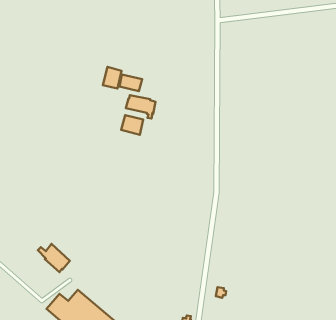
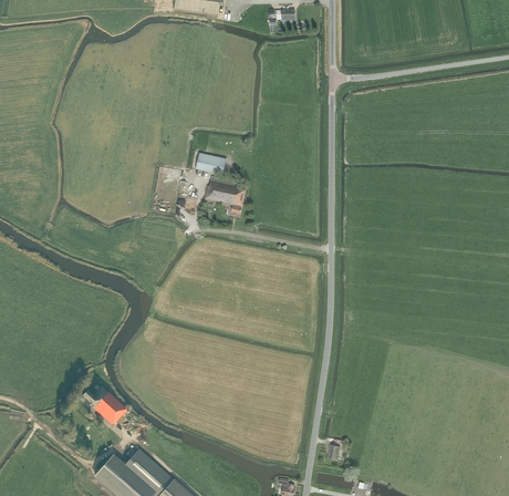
building: [103,67,122,89] -> none
building: [121,115,143,135] -> none

